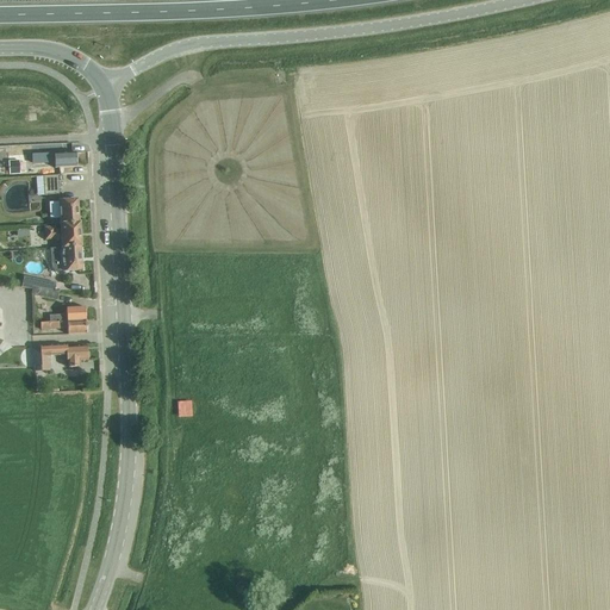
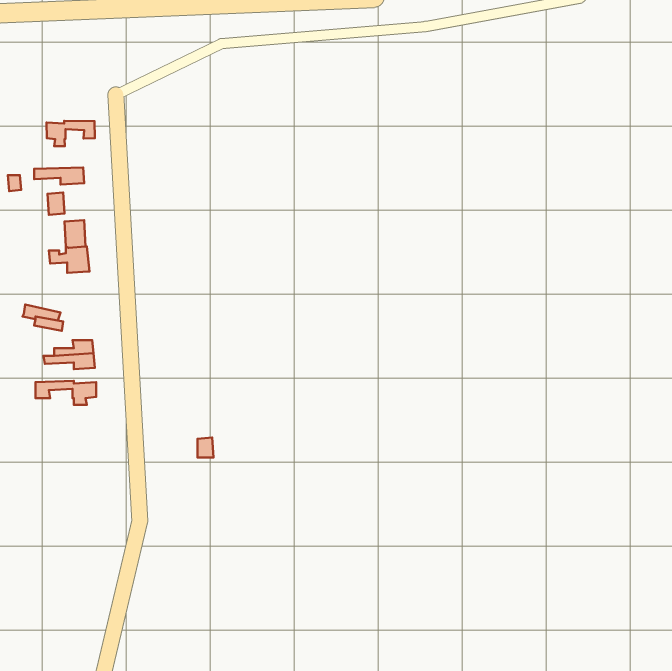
building: none -> [46,121,95,146]
building: [50,245,81,270] -> none

